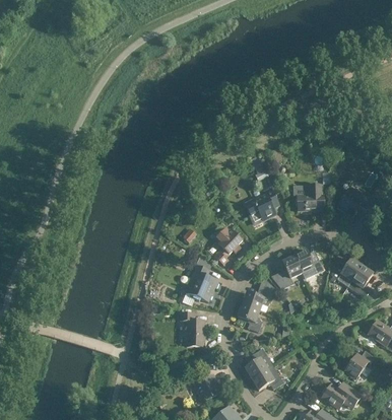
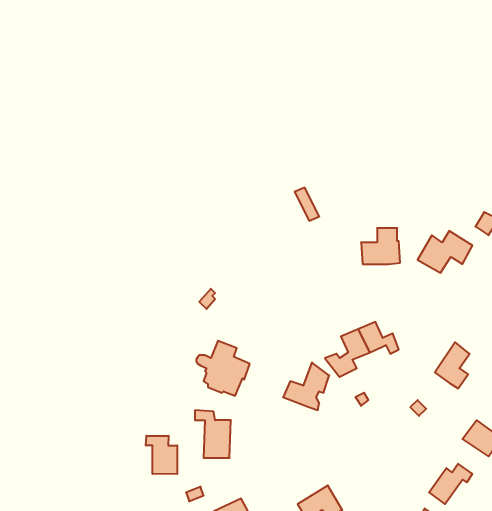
building: [244,188,276,223] -> none
building: [213,228,242,265] -> none
building: [330,258,362,286] -> none
building: [237,303,262,332] -> none
building: none -> [146,436,177,474]
building: [244,348,272,378] -> none

